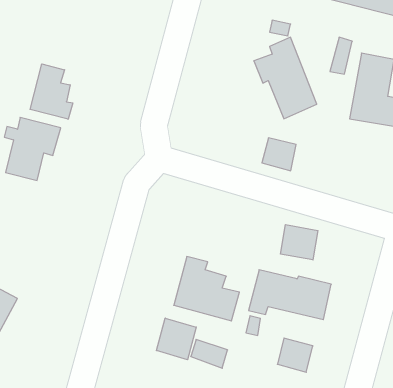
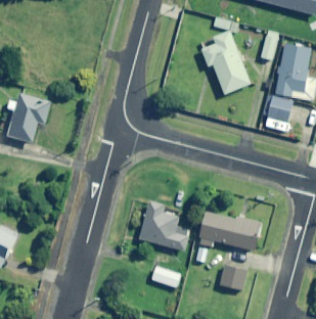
building: [30,64,73,119] -> none
building: [262,138,296,171] -> [266,96,292,122]
building: [281,225,318,260] -> none
building: [156,318,196,360] -> none

